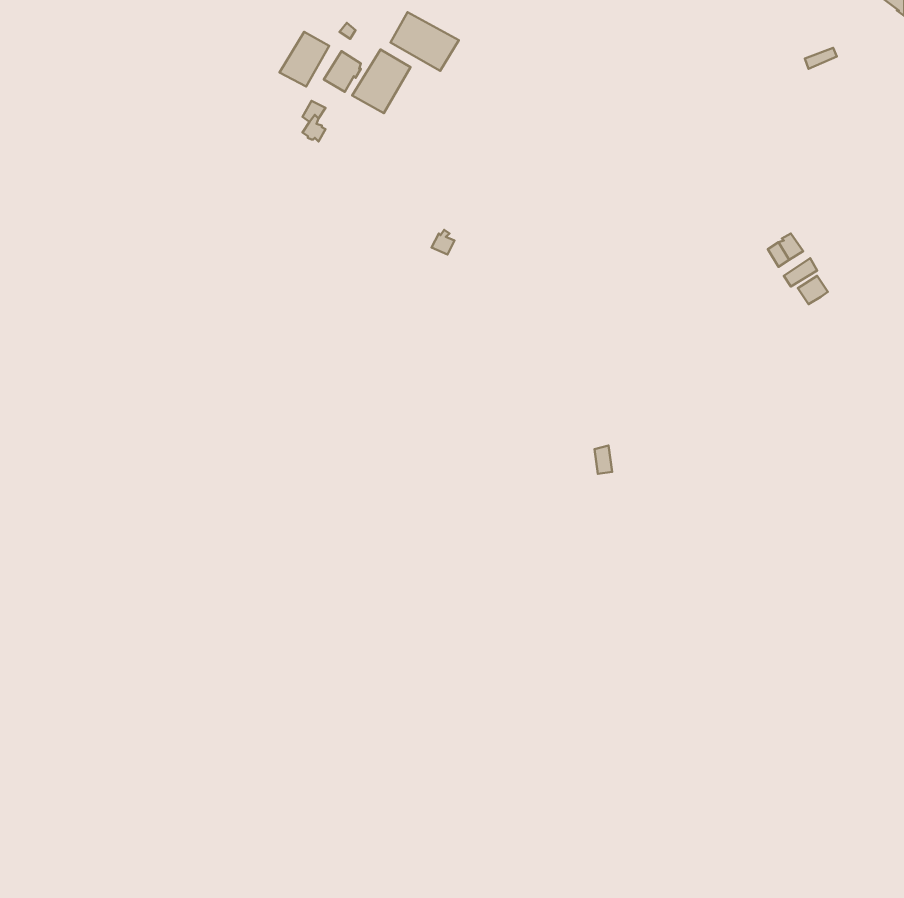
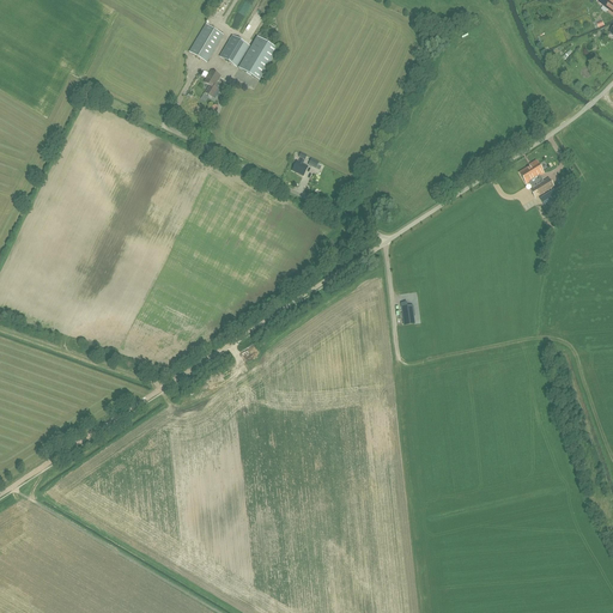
building: [391,12,459,71] -> none

